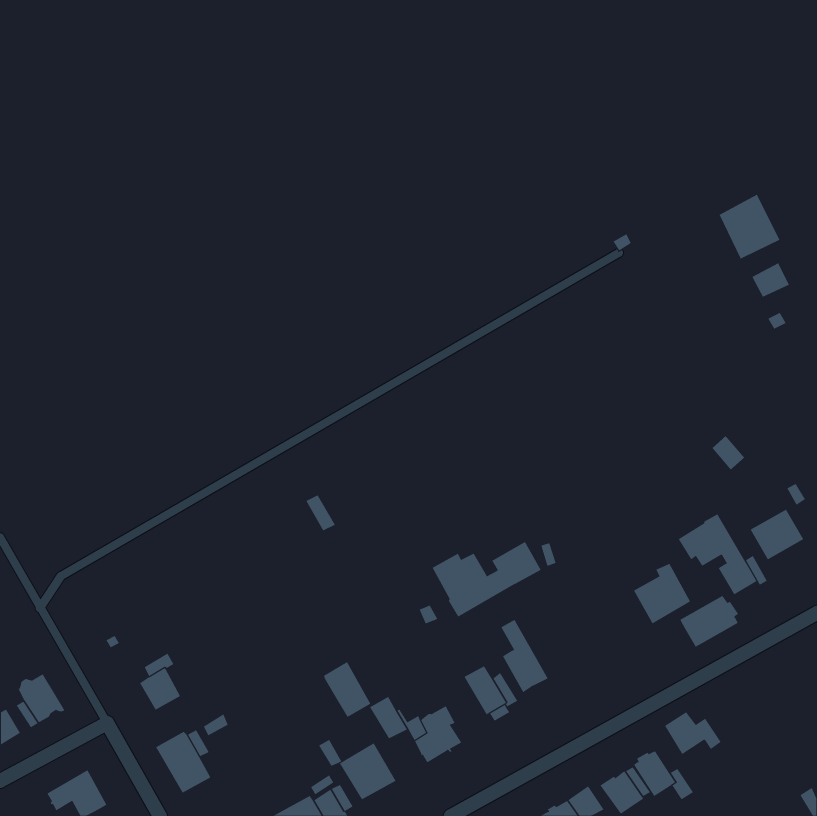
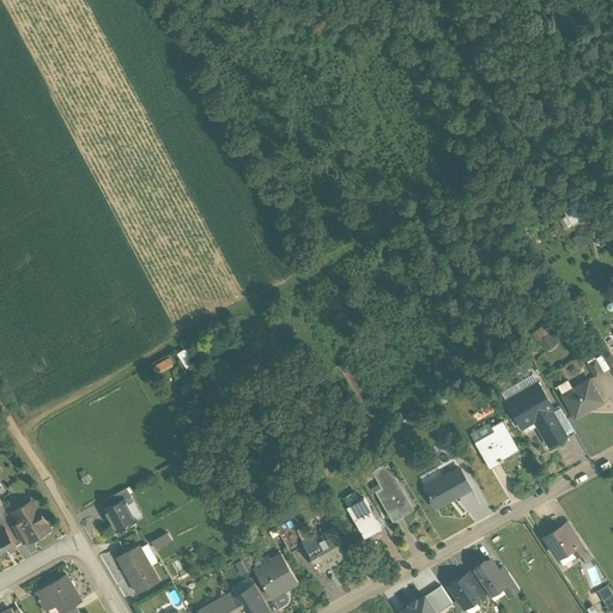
building: [719,194,780,260] -> none
building: [432,541,541,617] -> none
building: [680,595,739,647] -> none
building: none -> [424,467,469,508]
building: [324,661,371,718] -> none
building: [664,712,722,755] -> [545,528,588,560]

